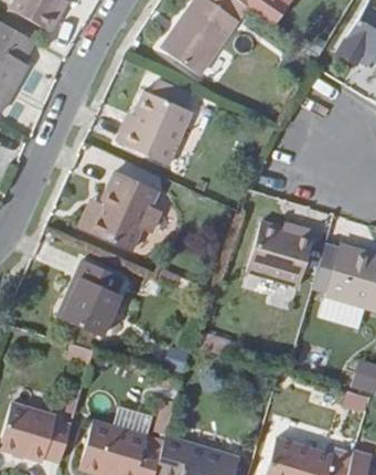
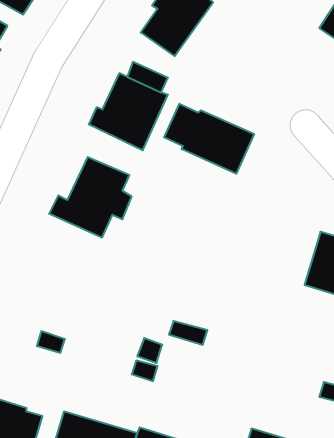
building: none -> [164,104,254,174]
building: [247,221,313,285] -> none
building: [62,257,122,337] -> none

